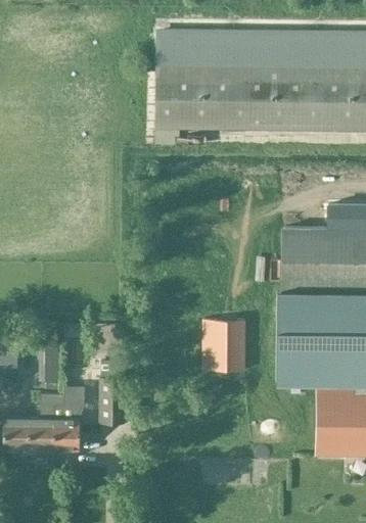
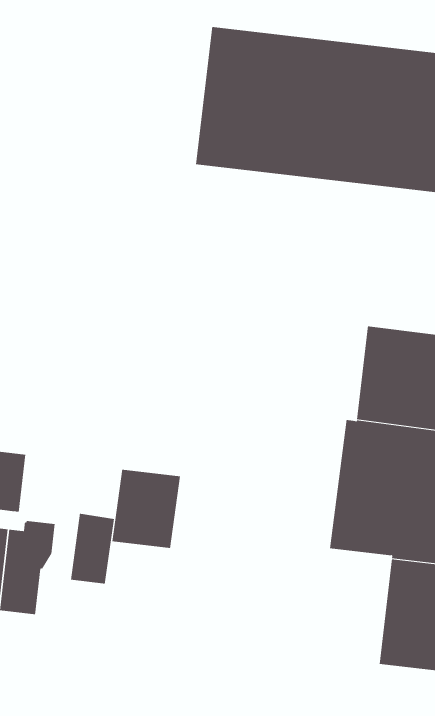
building: [204,321,246,371] -> [112,469,181,549]

